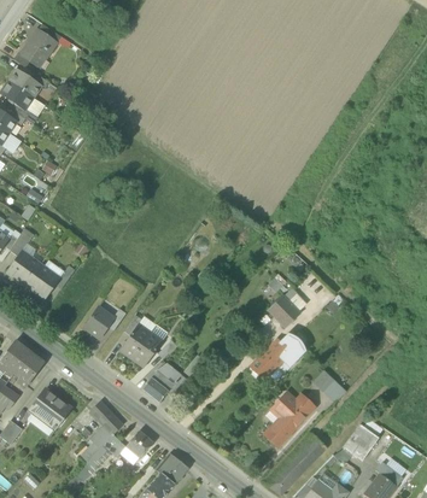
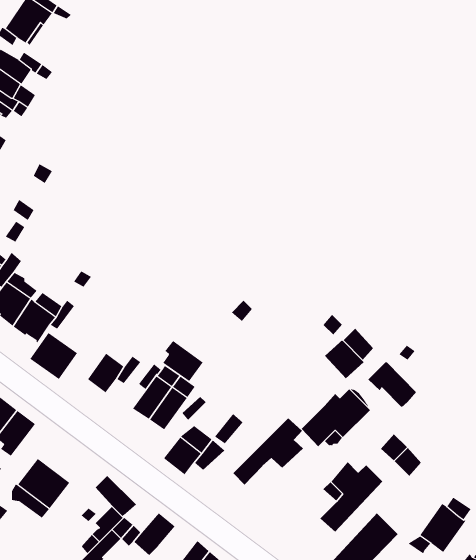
building: none -> [29,332,78,380]
building: none -> [163,340,203,382]
building: none -> [367,361,417,410]
building: none -> [233,417,304,486]

